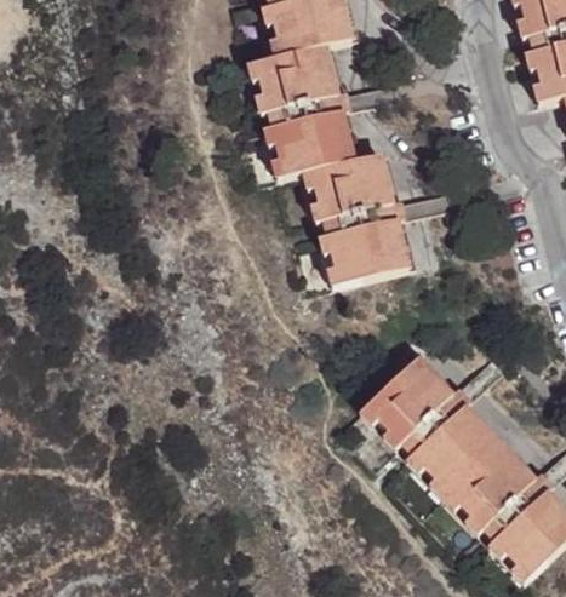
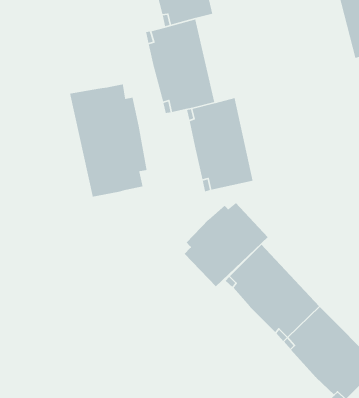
building: none -> [69,84,147,198]
building: none -> [184,202,269,287]

